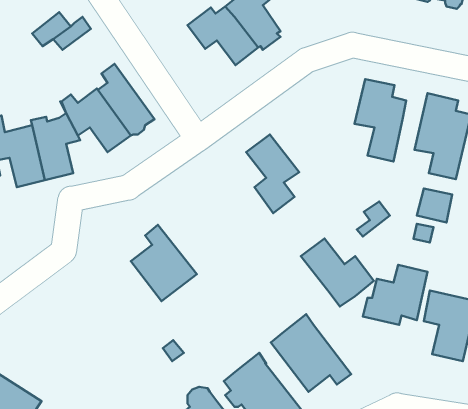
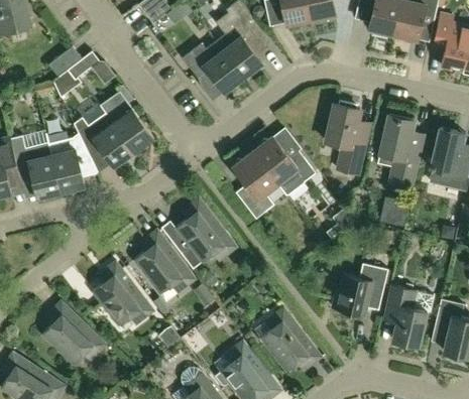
building: none -> [172,197,232,269]
building: [301,238,374,307] -> [253,136,316,194]
building: none -> [93,261,148,325]
building: none -> [42,300,100,364]

